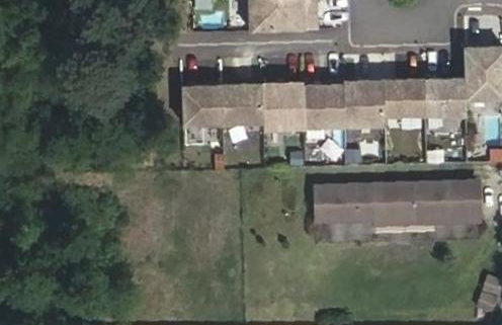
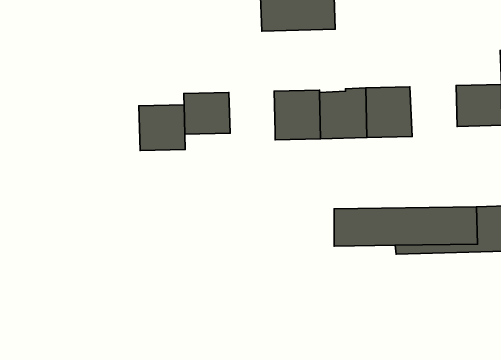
building: [382,79,424,125] -> none
building: [220,84,261,121] -> none
building: none -> [139,105,185,151]

